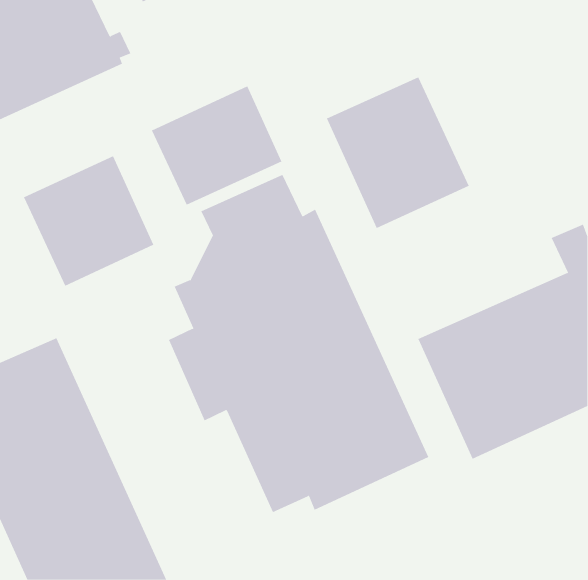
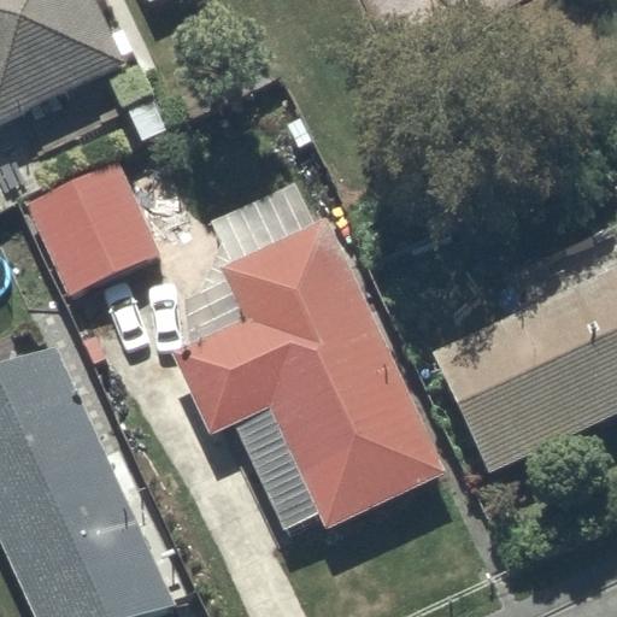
building: [326,77,469,229] -> none
building: [151,85,282,206] -> none

